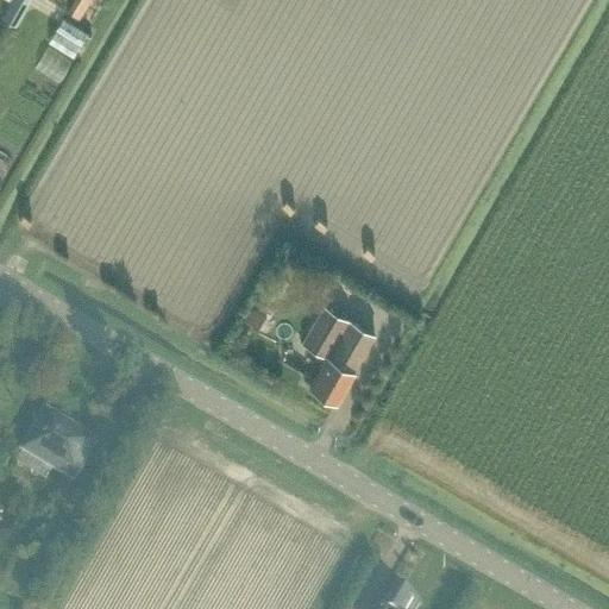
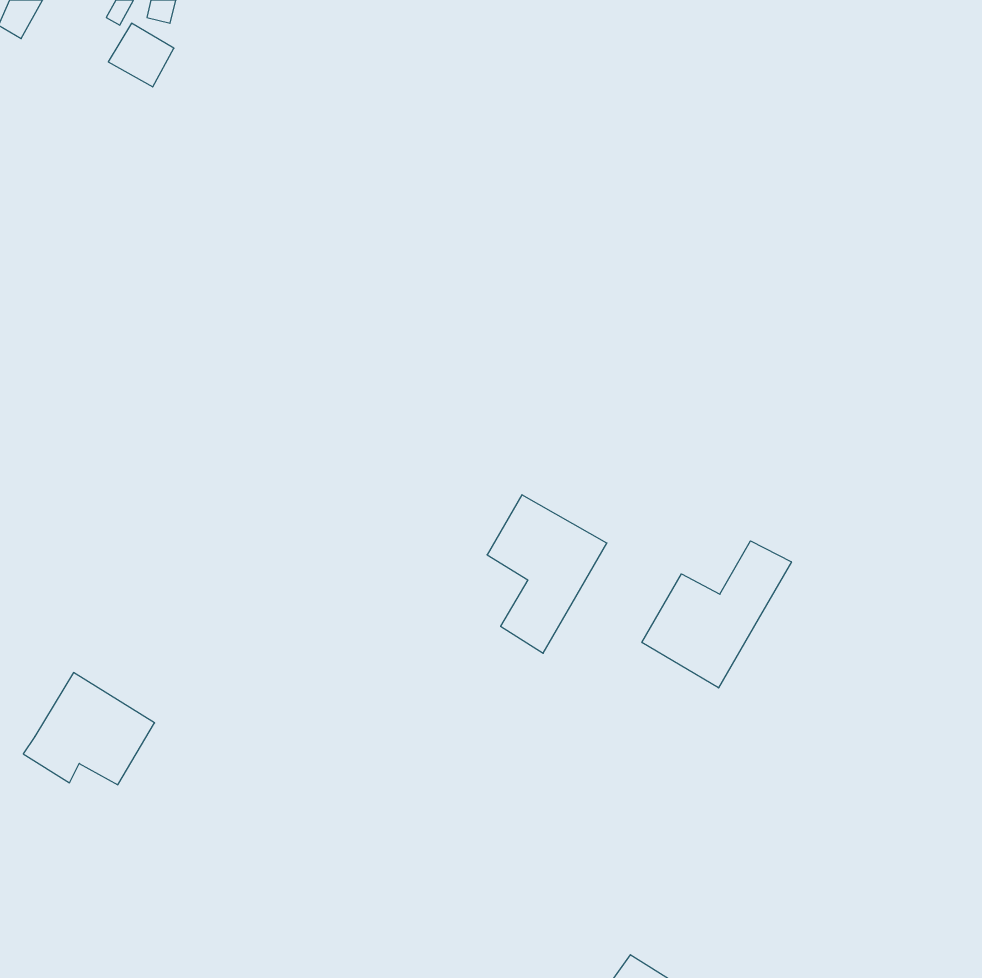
building: none -> [642,541,791,688]

